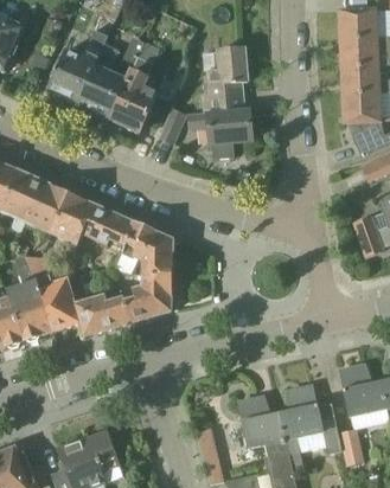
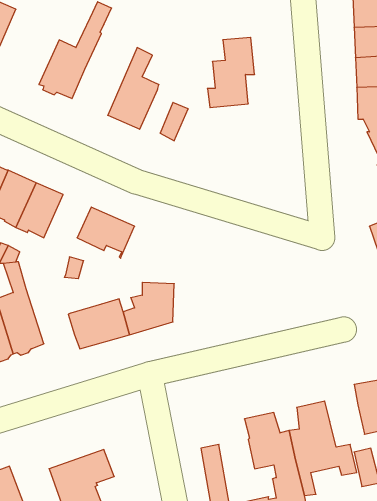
building: [78,43,139,118] -> none
building: [188,107,252,158] -> none
building: [52,192,96,245] -> none
building: [122,221,174,275] -> none
building: [36,275,81,330] -> none

